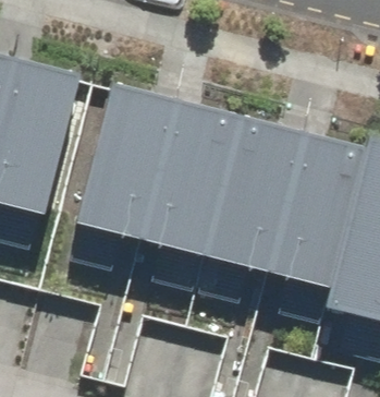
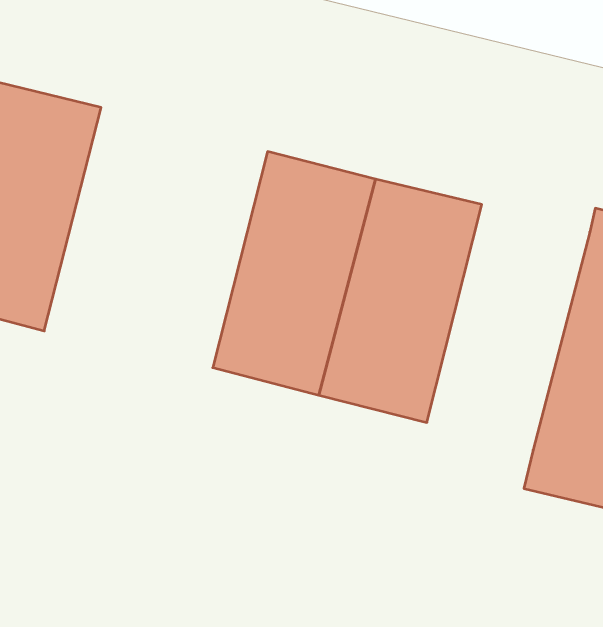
building: [82,89,177,234] -> none
building: [272,137,369,284] -> none

